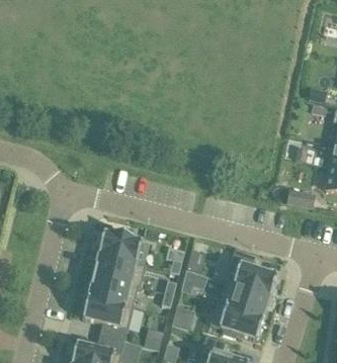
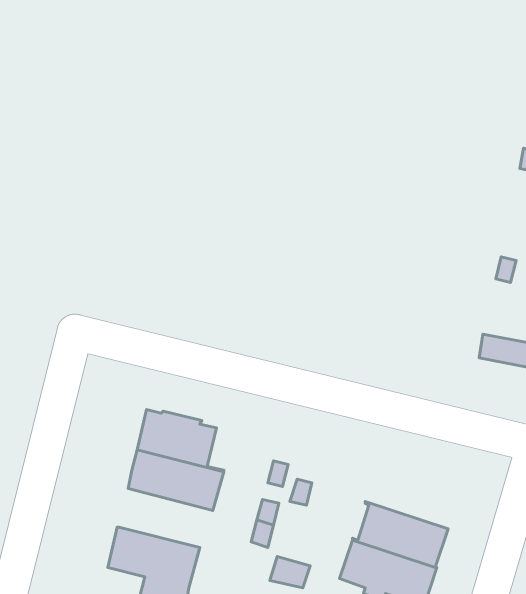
building: [224,248,277,296] -> none
building: [88,274,140,306] -> none

